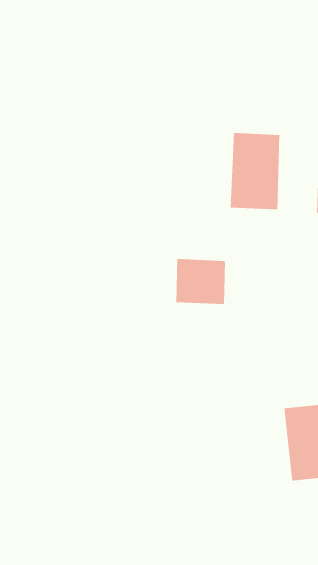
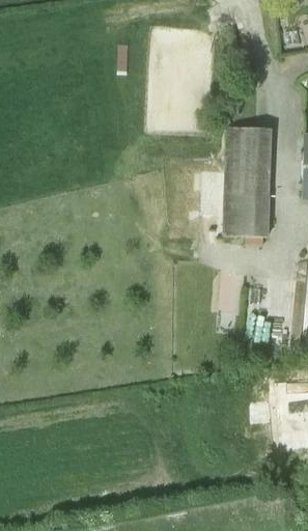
building: [175,259,226,305] -> [222,194,269,236]

